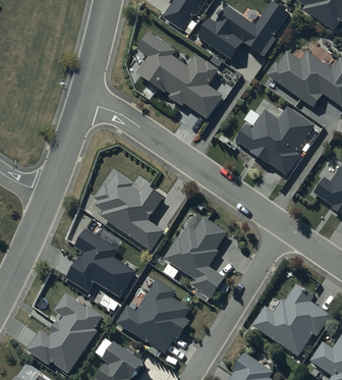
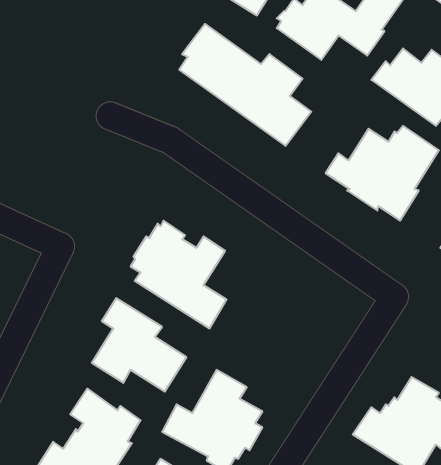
building: [162,218,225,297] -> none

